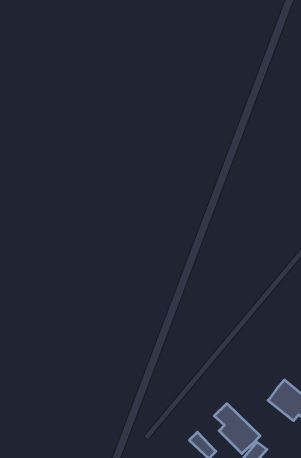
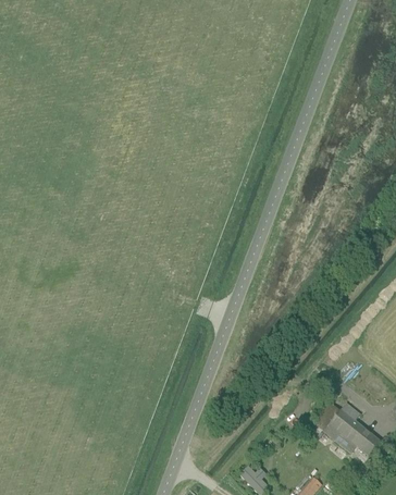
building: [214,404,260,454] -> none

